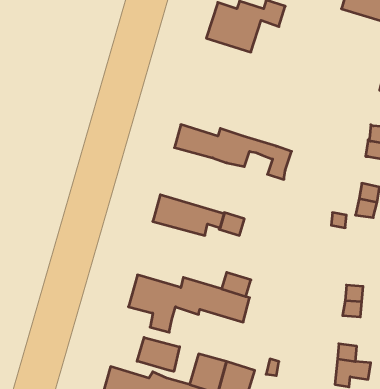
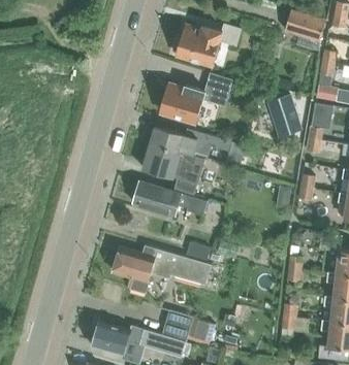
building: none -> [159,72,231,123]
building: none -> [267,95,302,136]
building: none -> [142,143,229,204]
building: [137,337,180,371] -> none

